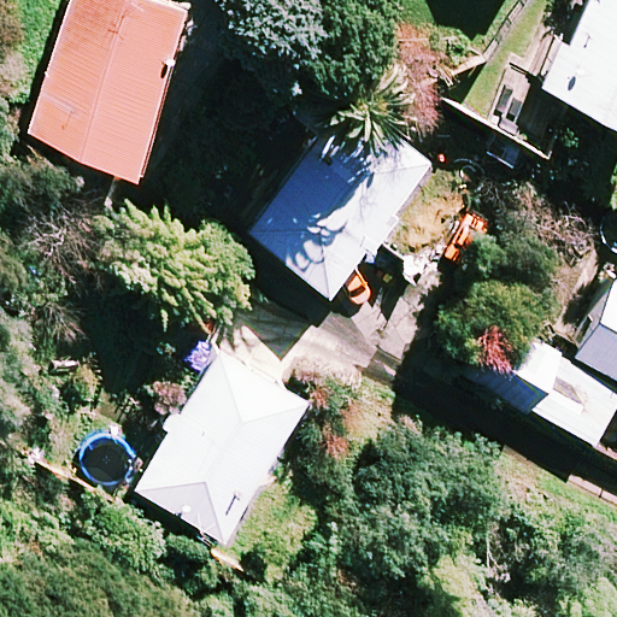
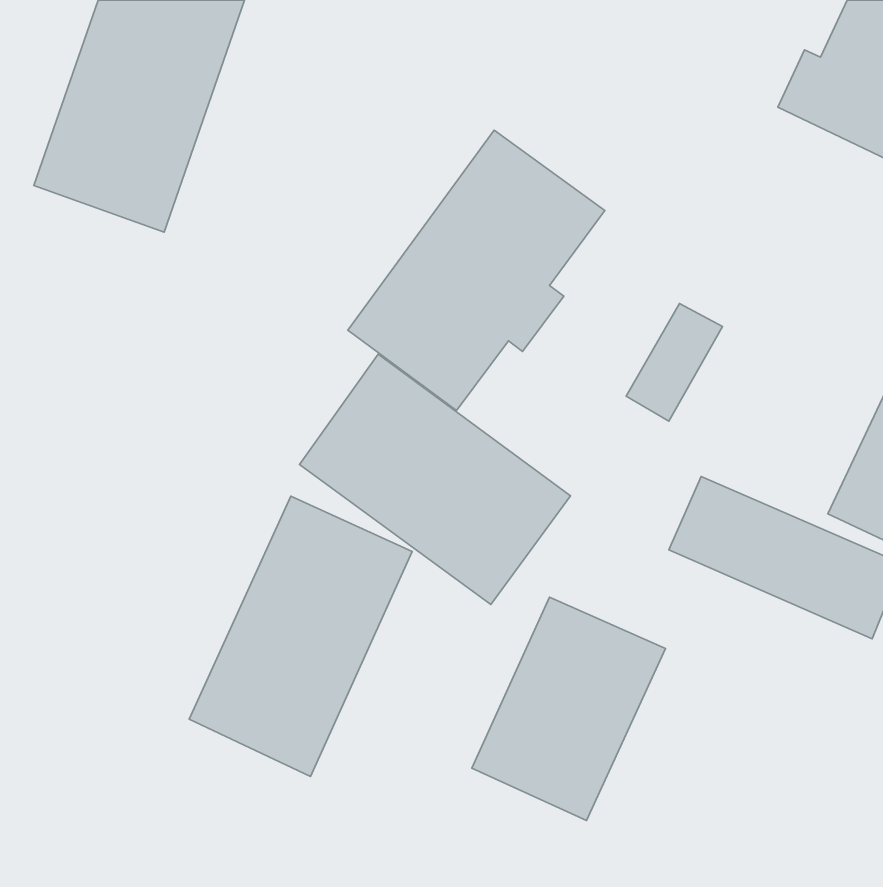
building: none -> [300,354,570,605]
building: none -> [472,597,666,821]

